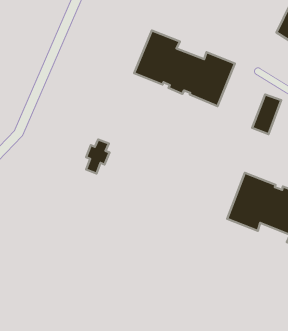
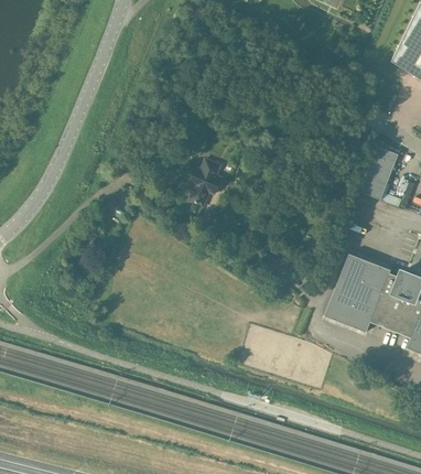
building: [134,30,235,106] -> none
building: [86,140,109,173] -> [191,160,223,206]

